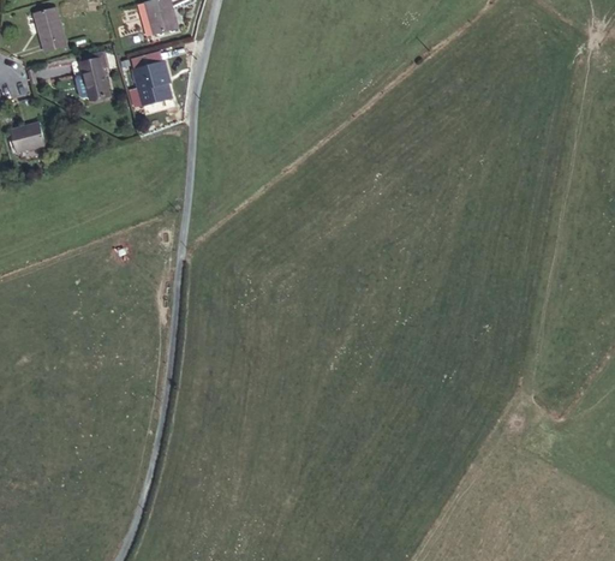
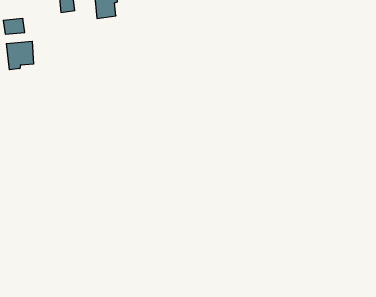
building: none -> [6,41,33,70]

